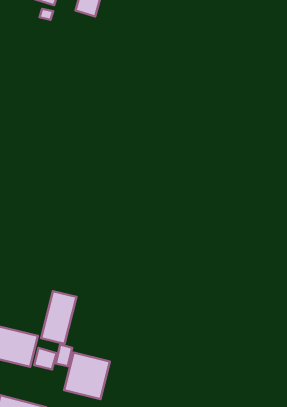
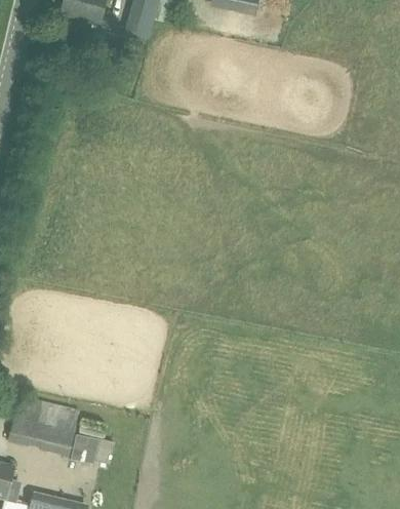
building: [41,291,76,344] -> none
building: [64,353,110,399] -> none

